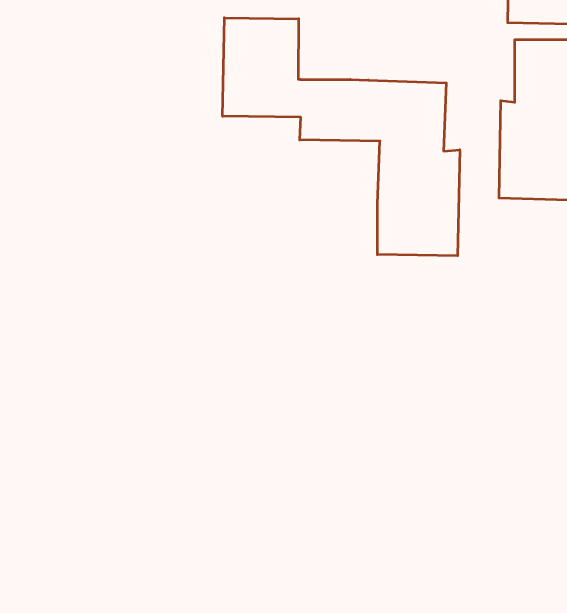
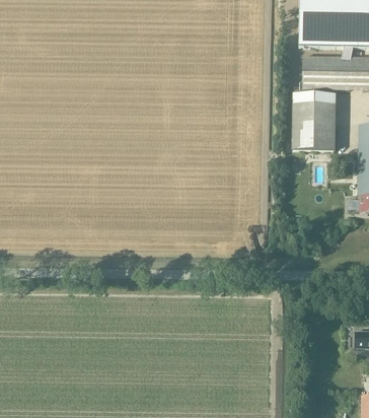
building: [223,18,460,256] -> none

